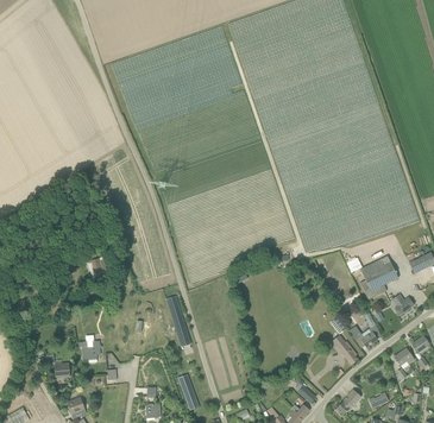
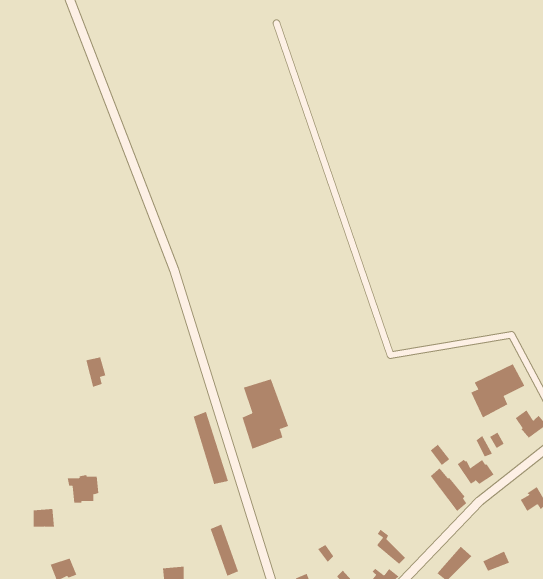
building: none -> [242,378,289,450]

